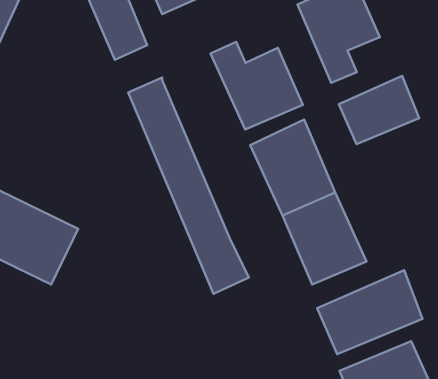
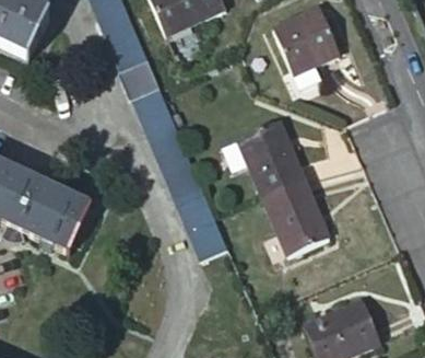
building: [211,42,303,130] -> none
building: [339,76,419,144] -> none
building: [317,270,423,354] -> none

